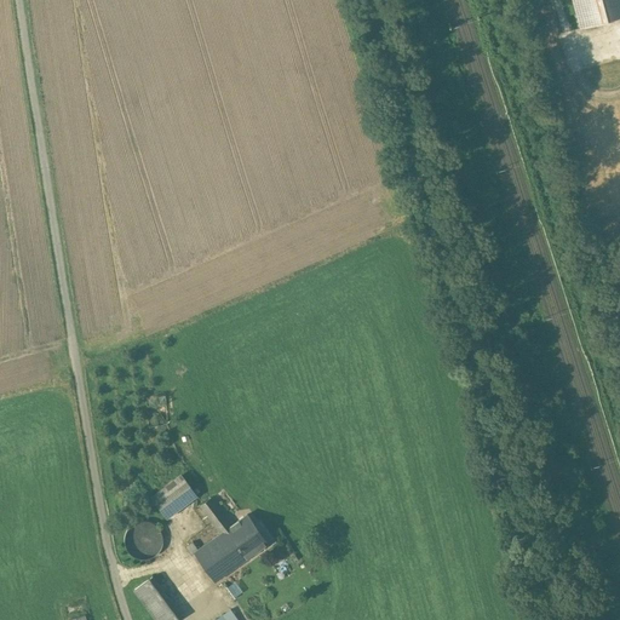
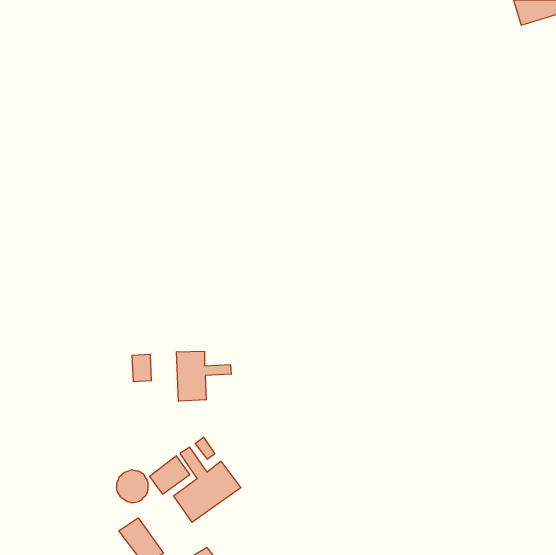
building: none -> [177,351,231,401]
building: [151,476,196,518] -> [149,456,190,494]

